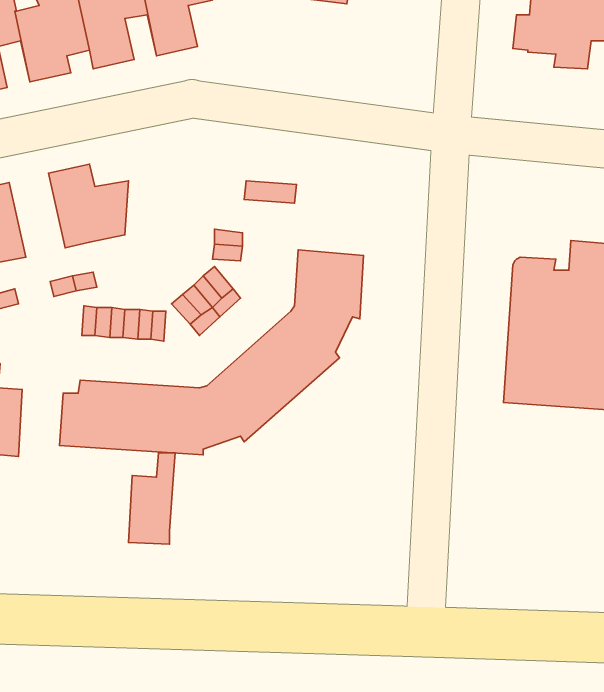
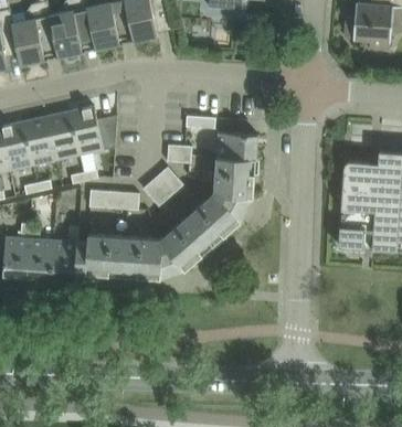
building: none -> [45,111,78,161]
building: none -> [216,132,256,160]
building: [129,453,175,544] -> [51,226,78,280]

